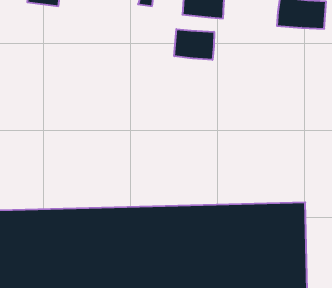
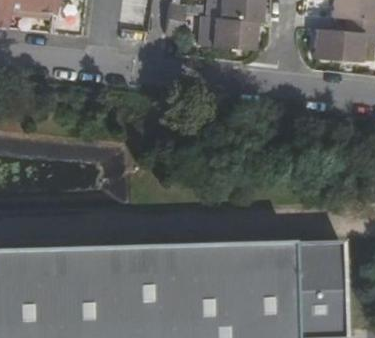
building: [174,29,214,60] -> none

